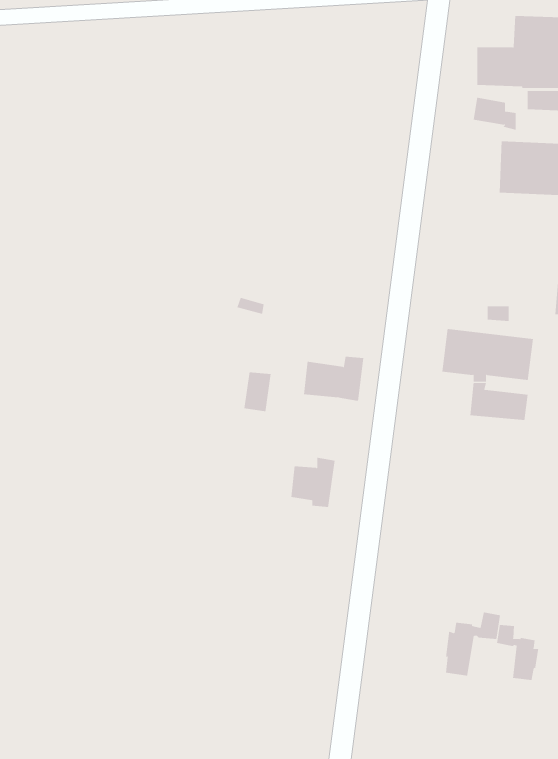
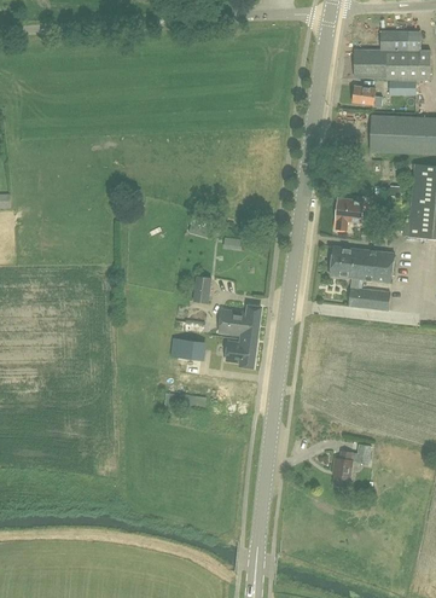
building: none -> [335,197,362,230]
building: [303,356,364,401] -> [219,306,261,337]
building: none -> [170,337,203,360]
building: [497,624,539,681] -> none

